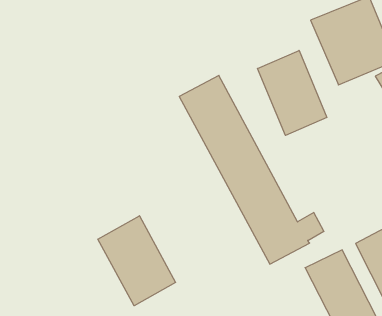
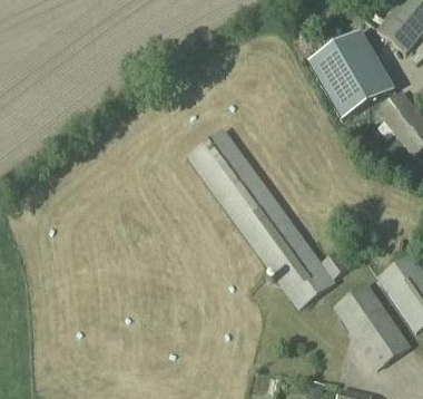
building: [258,50,327,135] -> none
building: [98,216,176,306] -> none

